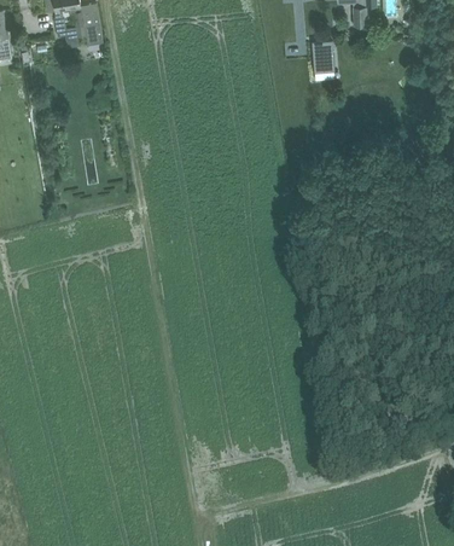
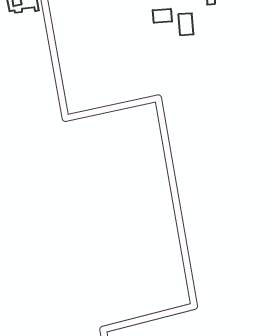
building: none -> [153,9,172,23]

